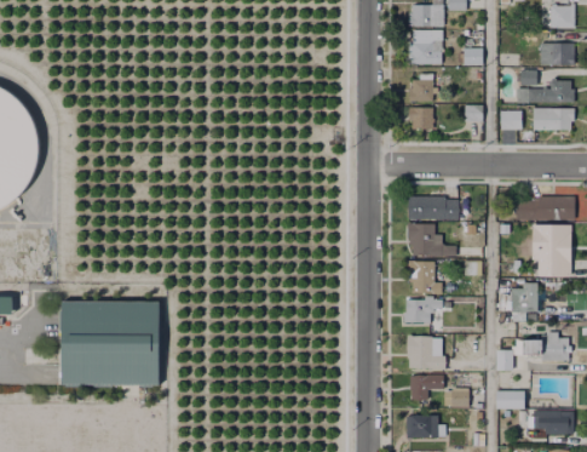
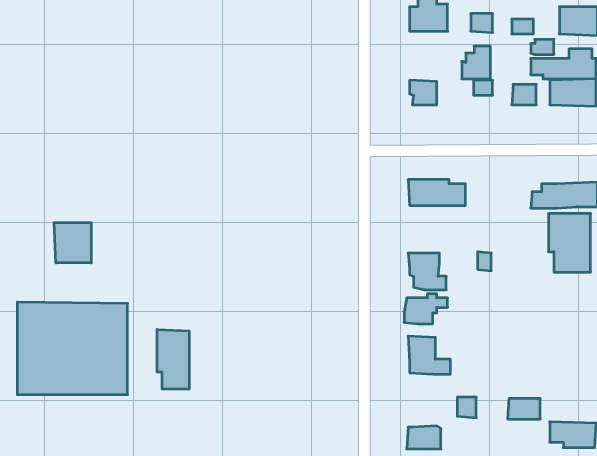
building: [408,73,433,102] -> [462,46,490,79]
building: [407,222,455,254] -> none
building: none -> [54,223,91,263]
building: [511,282,537,319] -> none
building: [494,325,564,371] -> none
building: none -> [157,329,189,389]
building: [409,374,443,399] -> none

